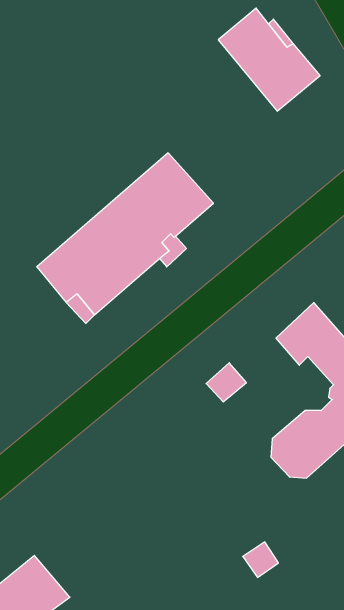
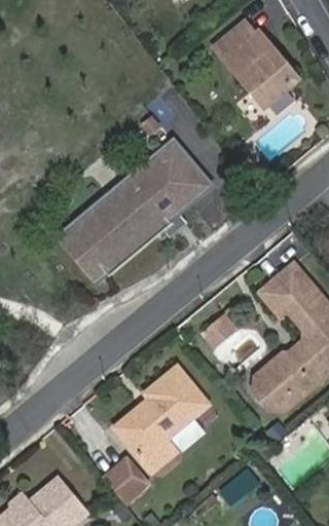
building: none -> [113,364,207,469]
building: none -> [103,457,148,502]

